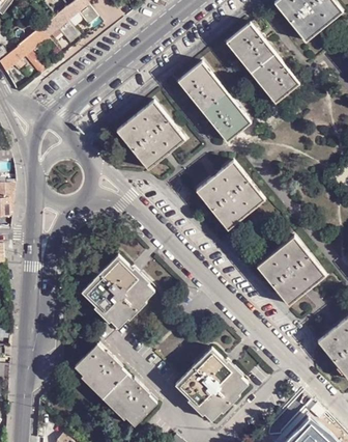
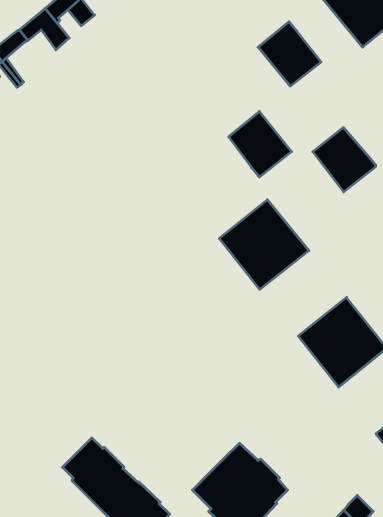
building: [250,53,298,103] -> [313,128,376,192]
building: [177,61,226,111] -> none
building: [115,100,184,169] -> none
building: [81,256,153,328] -> none

